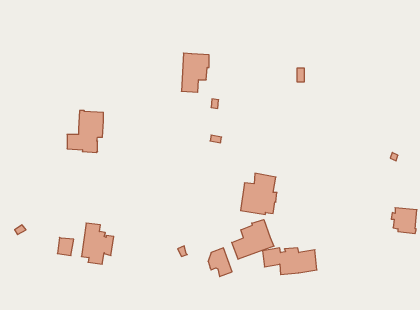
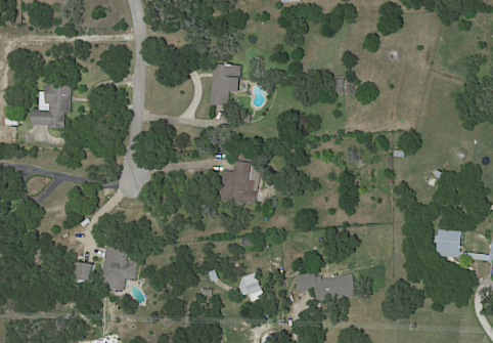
building: [67,111,103,153] -> [30,84,69,129]
building: [241,173,277,214] -> [218,160,257,204]
building: [232,220,274,259] -> none

